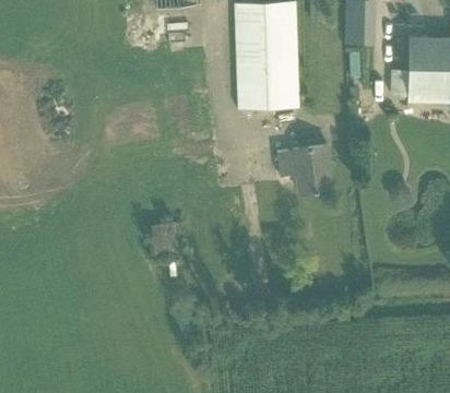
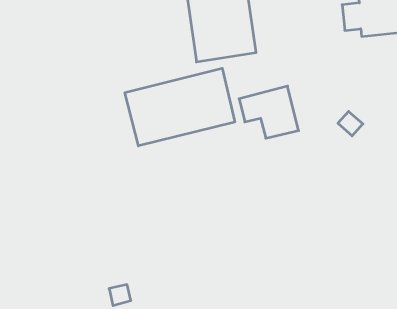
building: none -> [125,68,235,146]

